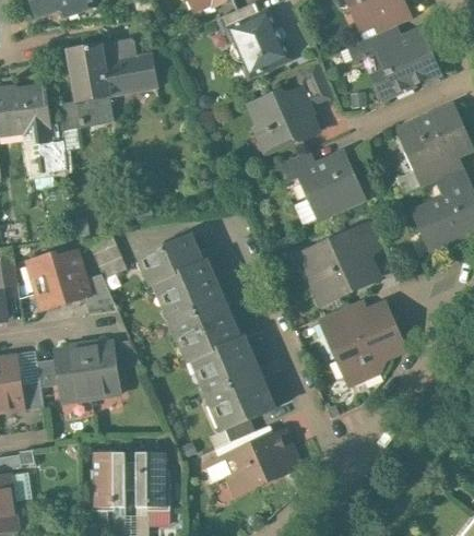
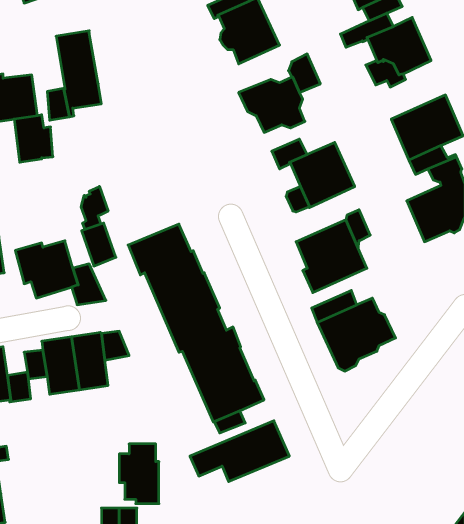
building: [100,40,157,96] -> none
building: none -> [81,186,108,229]
building: [91,450,130,511] -> none

